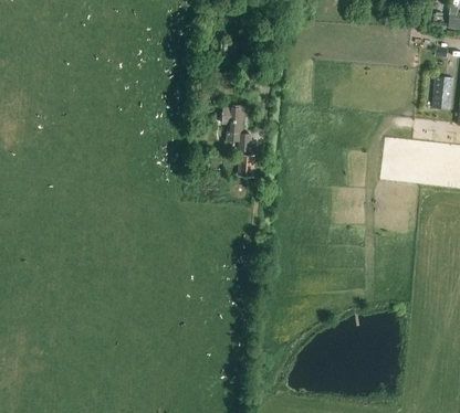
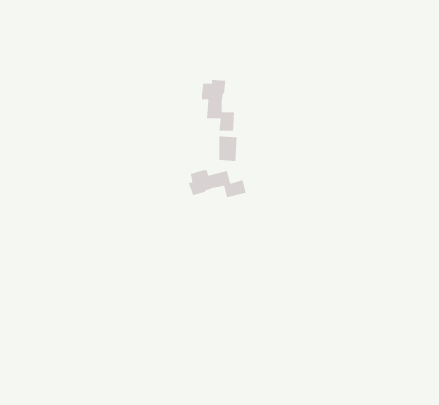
building: none -> [188,169,247,198]

